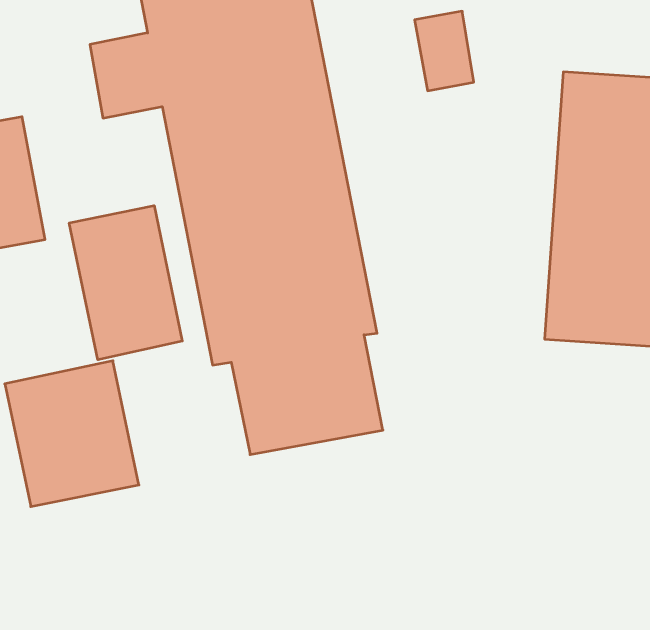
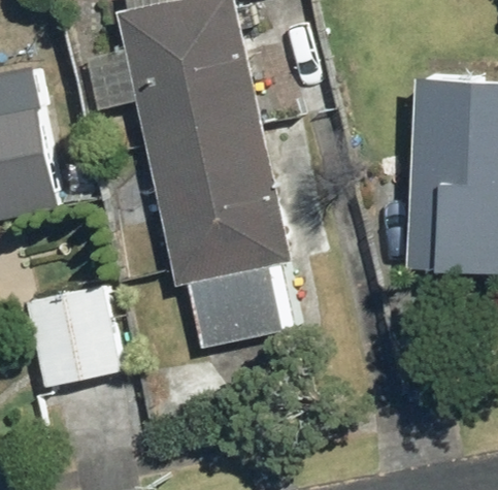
building: [69,206,182,360] -> none

